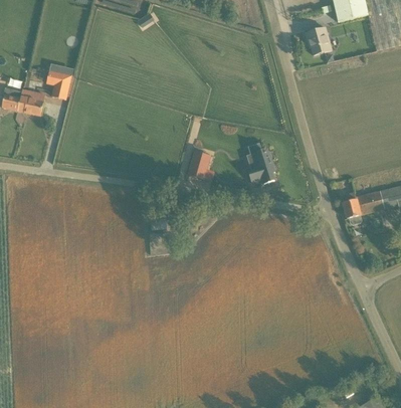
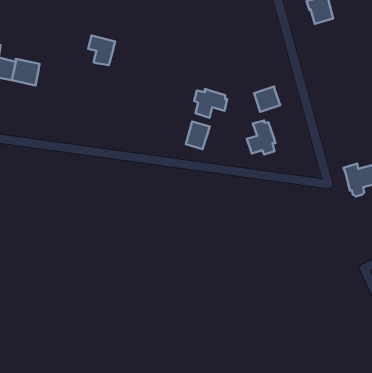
building: [46,69,72,98] -> [88,35,115,65]
building: none -> [254,87,280,112]
building: none -> [194,89,227,118]

